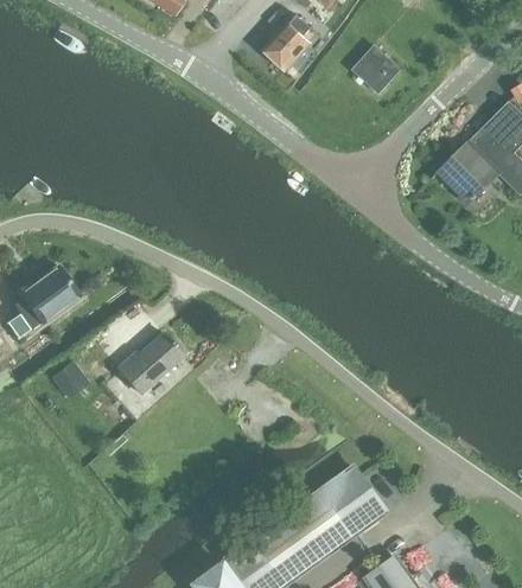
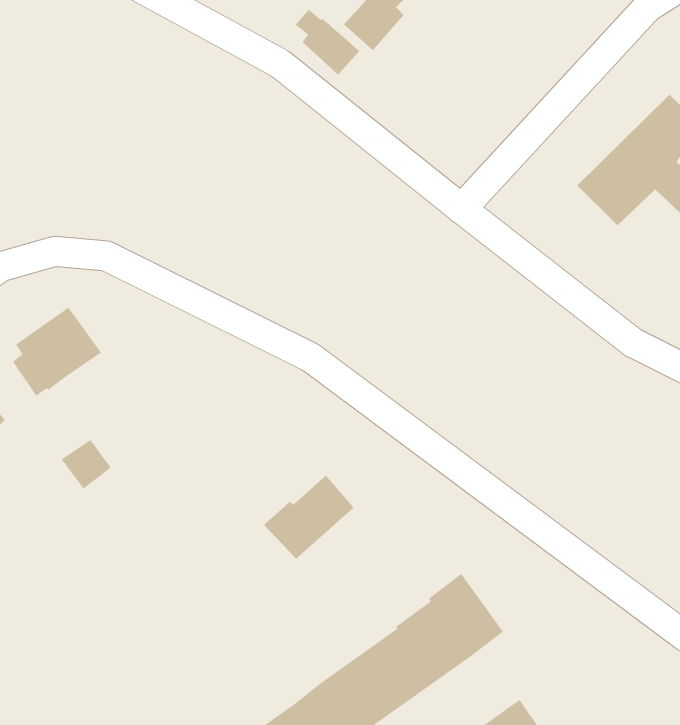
building: none -> [295,9,360,76]
building: [354,47,400,94] -> none
building: [115,332,184,396] -> [263,474,355,559]

